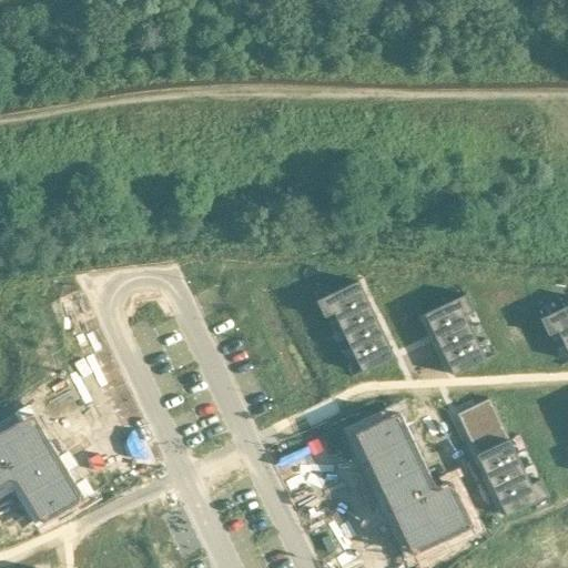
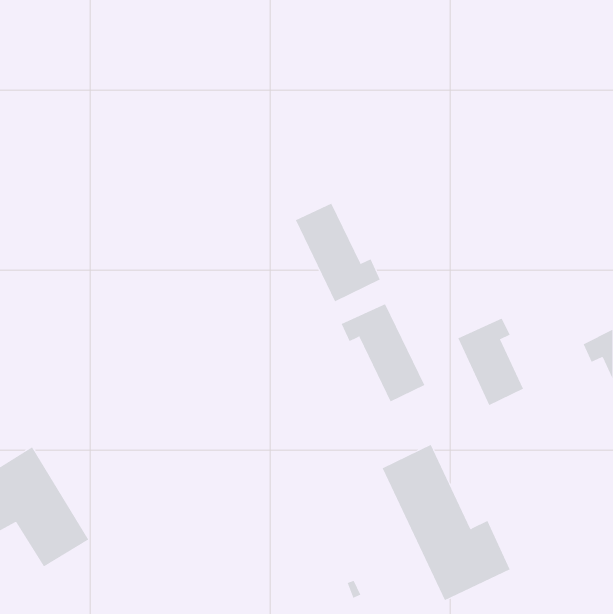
building: none -> [295,203,381,302]
building: [455,398,545,515] -> none

